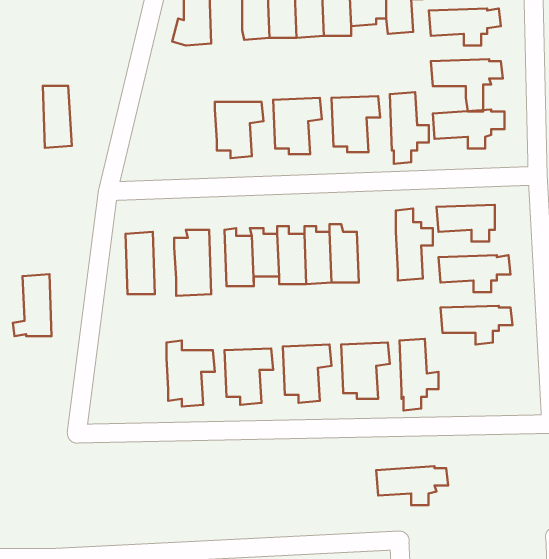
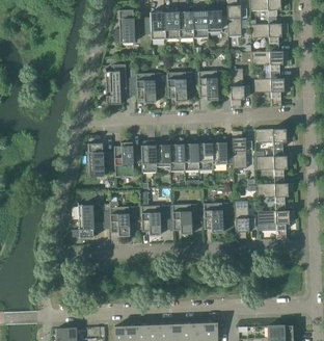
building: [43,86,72,148] -> [106,71,122,104]
building: none -> [212,138,234,169]
building: [13,274,52,336] -> [73,204,93,237]
building: [376,466,448,505] -> [258,209,296,230]

